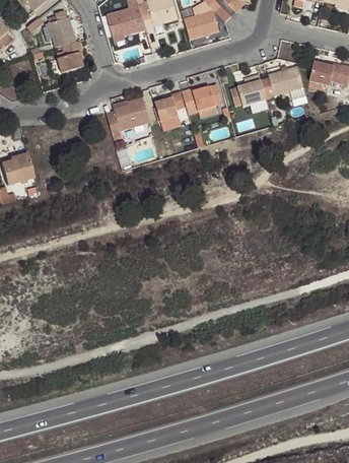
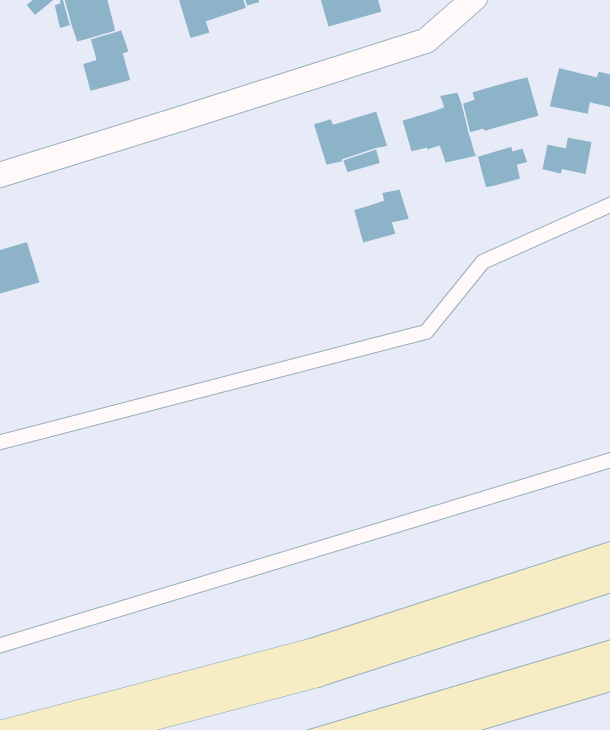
building: [155,90,186,120] -> [353,189,410,244]
building: [106,96,149,142] -> none
building: none -> [541,137,592,175]
building: none -> [477,146,528,188]

